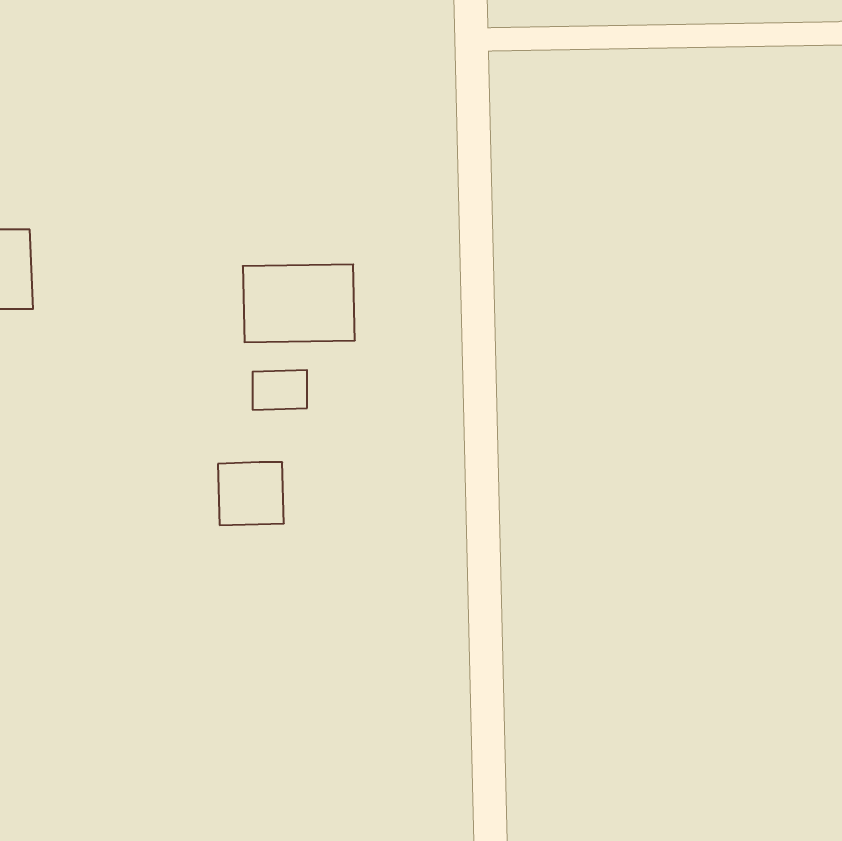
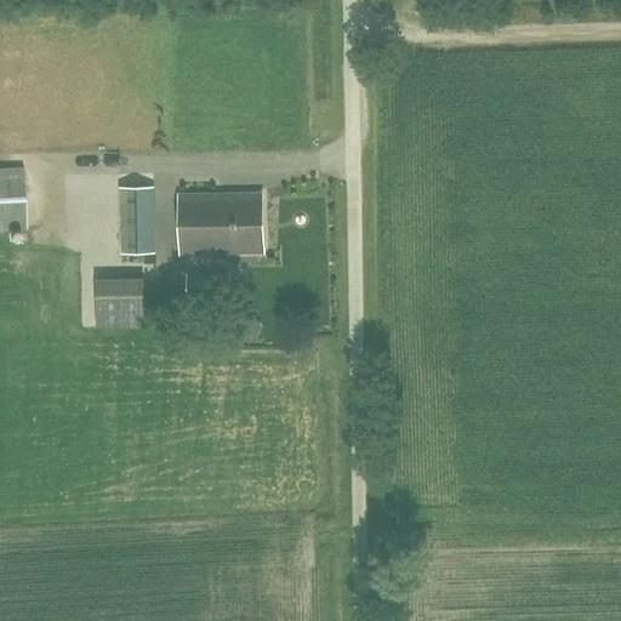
building: none -> [118,187,152,252]
building: [218,462,284,525] -> [95,279,143,325]

